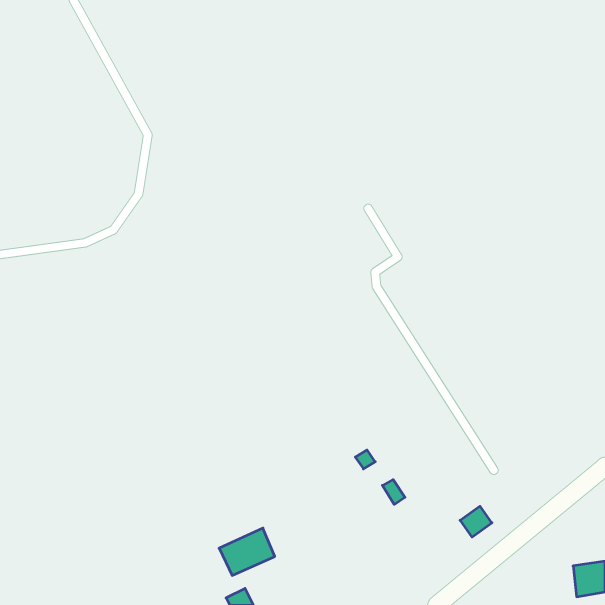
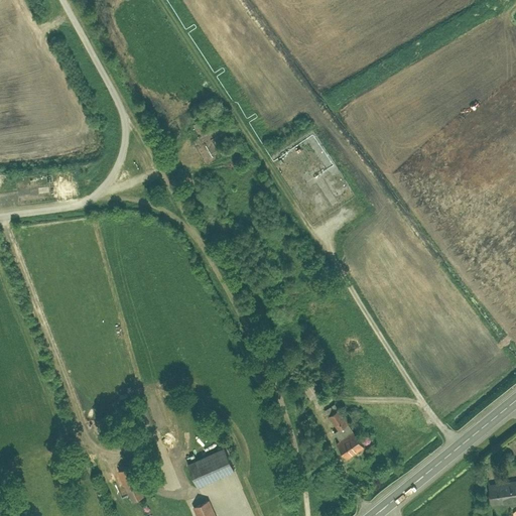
building: [460,506,492,537] -> [337,434,364,461]

